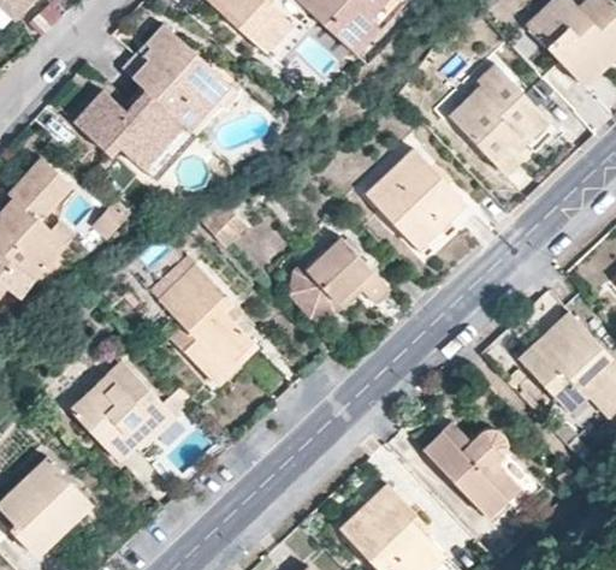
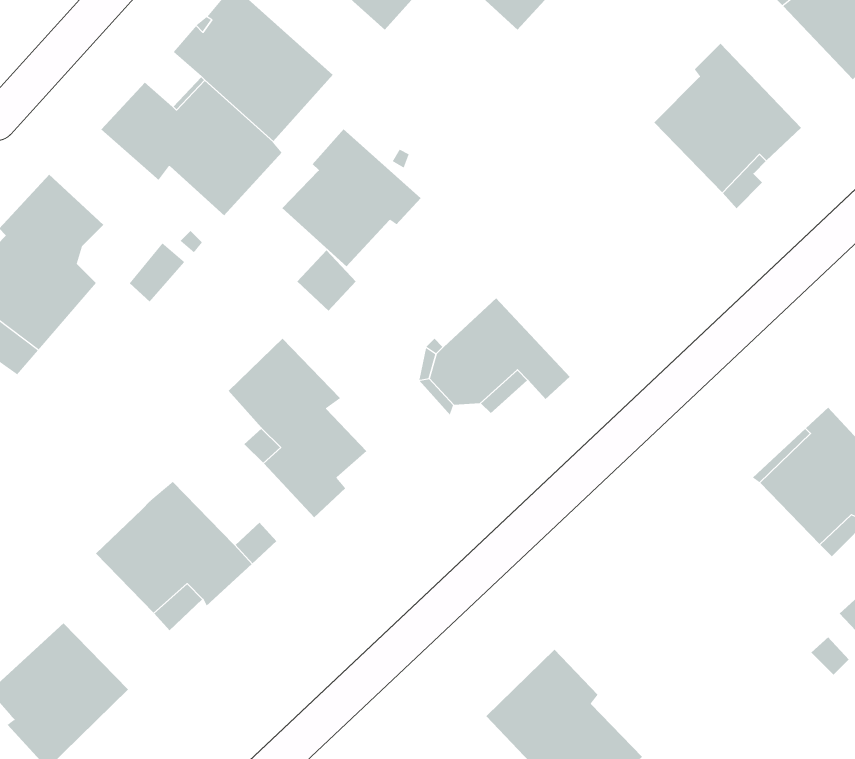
building: none -> [282,128,421,267]
building: [363,147,473,256] -> none
building: [416,416,533,513] -> none

